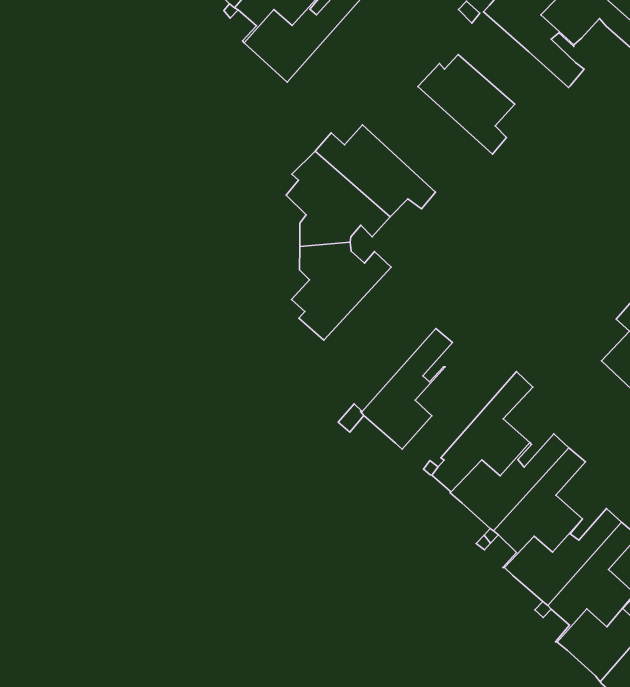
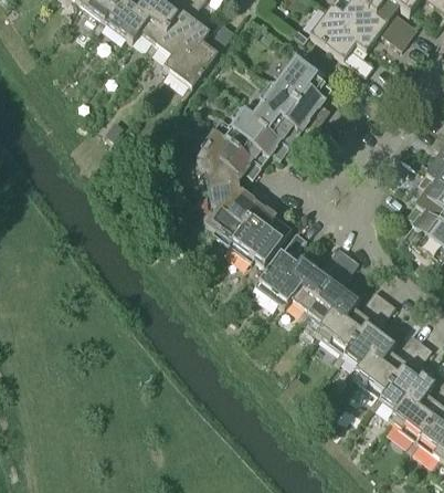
building: none -> [240,83,321,147]
building: none -> [228,196,292,264]
building: none -> [282,246,348,311]

